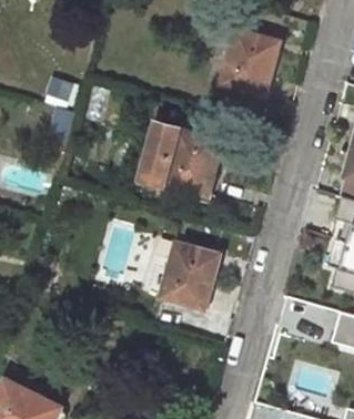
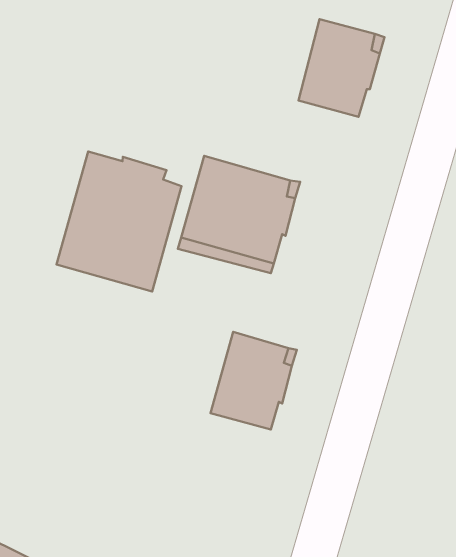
building: none -> [56,151,181,291]

